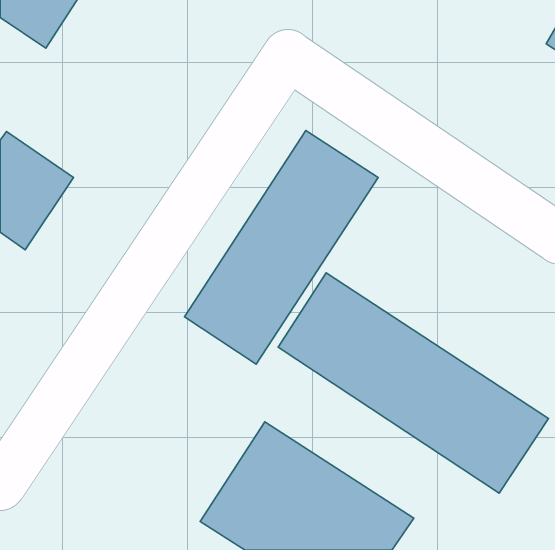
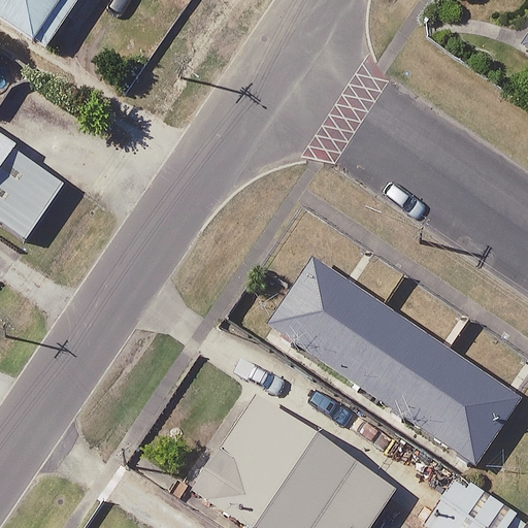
building: [185,131,378,364] -> none

